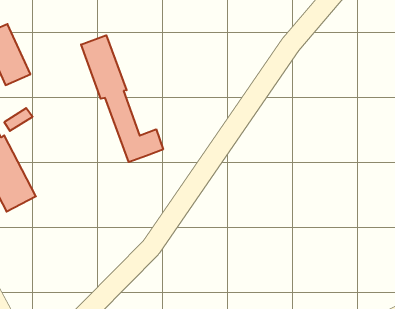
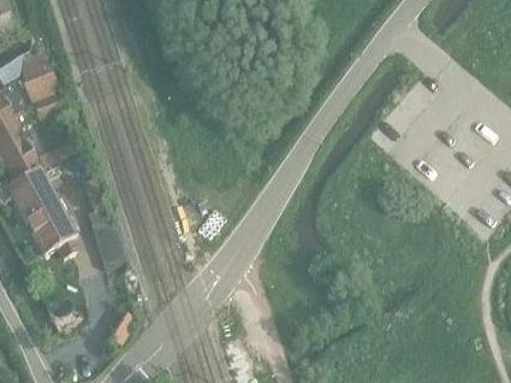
building: [81,35,163,162] -> none

